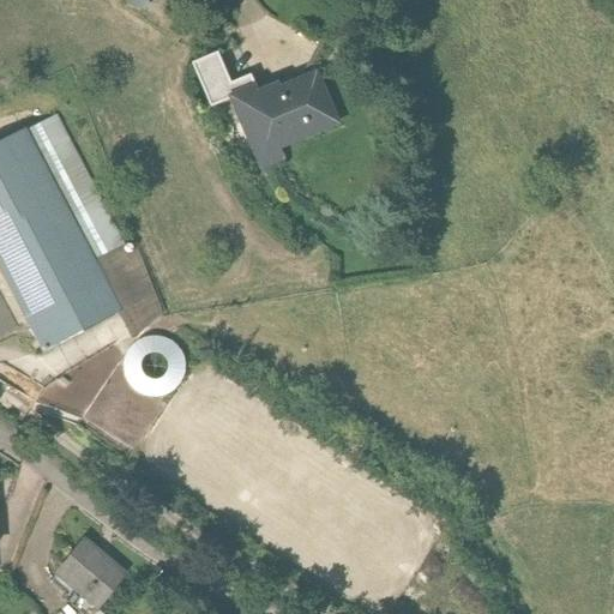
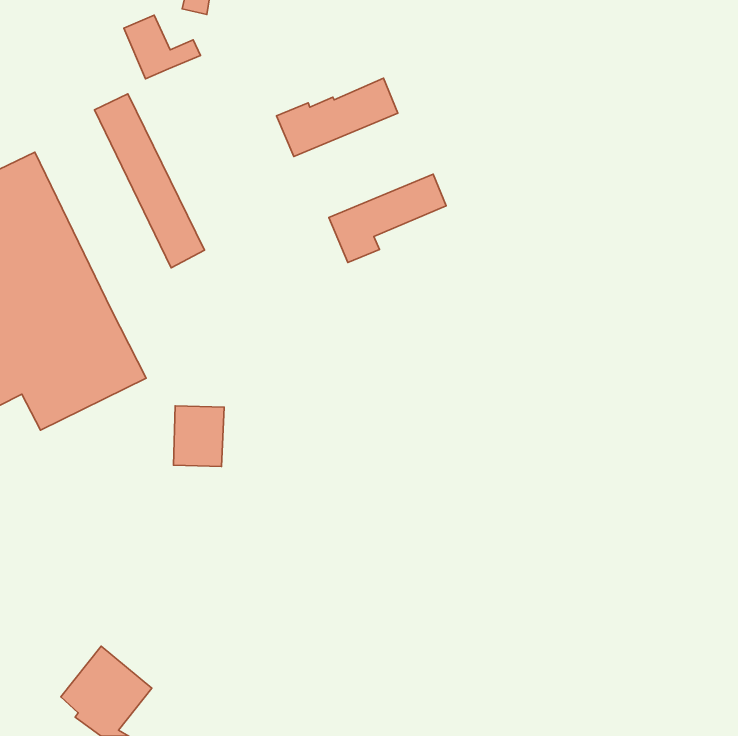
building: [192,52,255,104] -> [124,15,200,79]
building: [243,94,341,167] -> [329,174,446,262]
building: [29,113,120,257] -> [94,94,204,268]

